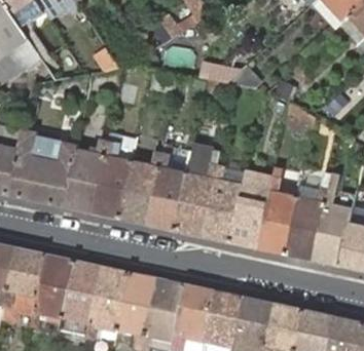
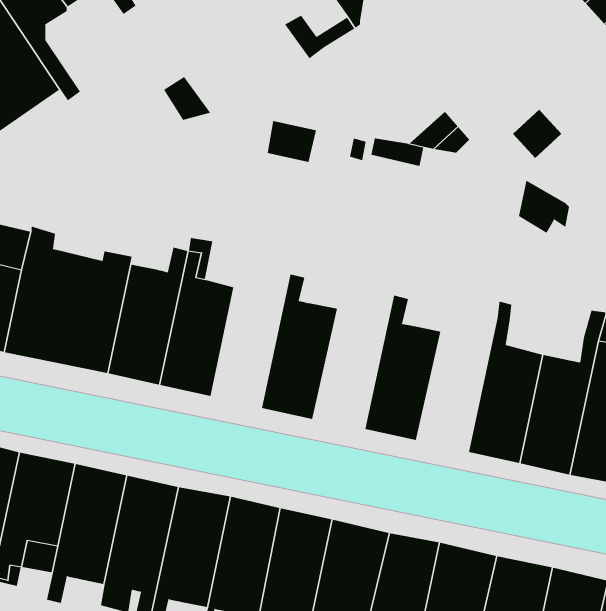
building: [119,151,161,225] -> none
building: [174,151,220,236] -> none
building: [229,172,272,248] -> none

